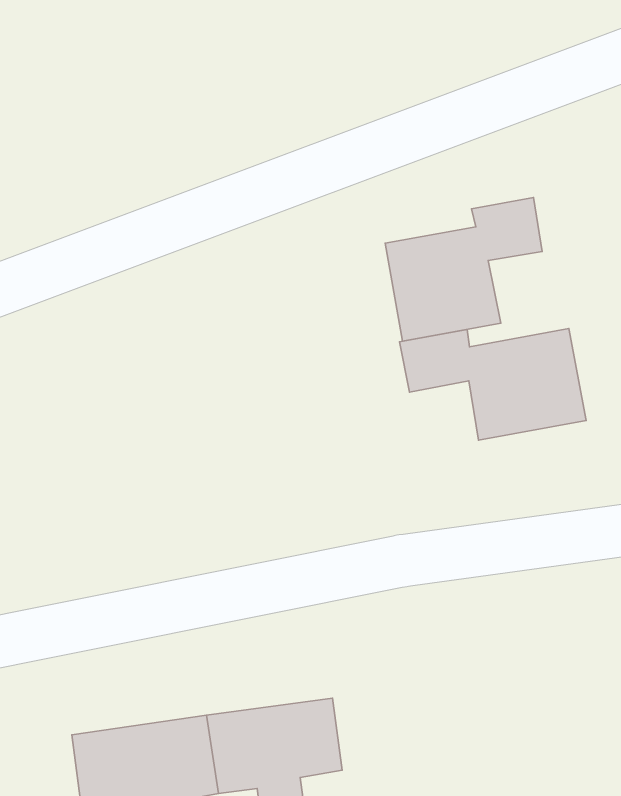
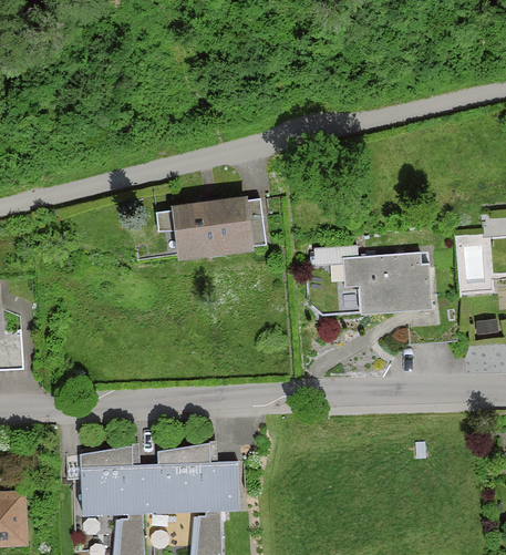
building: [385,198,542,341] -> none
building: none -> [169,187,257,249]

